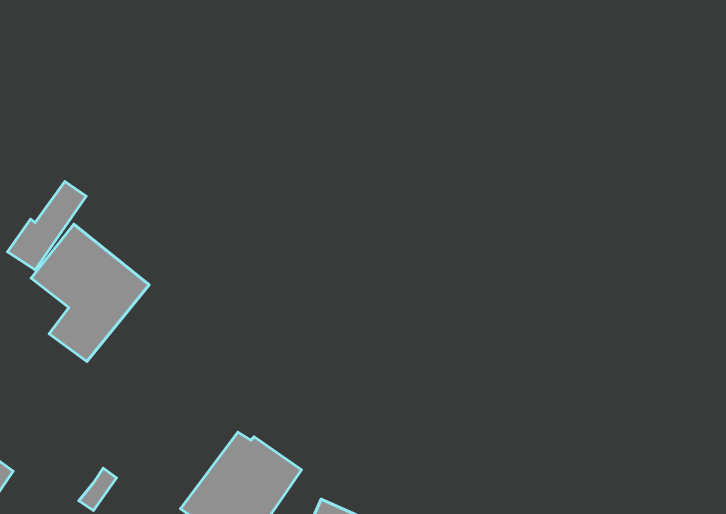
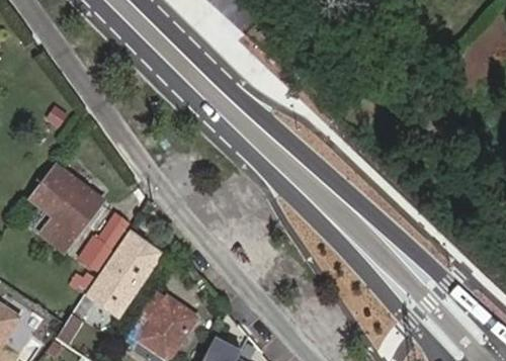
building: [7,182,86,270] -> [80,215,129,270]
building: none -> [89,238,157,318]

